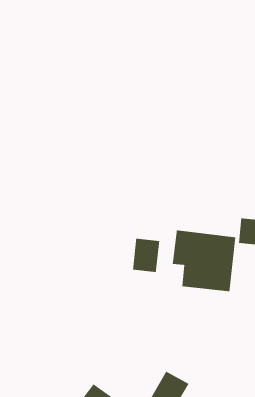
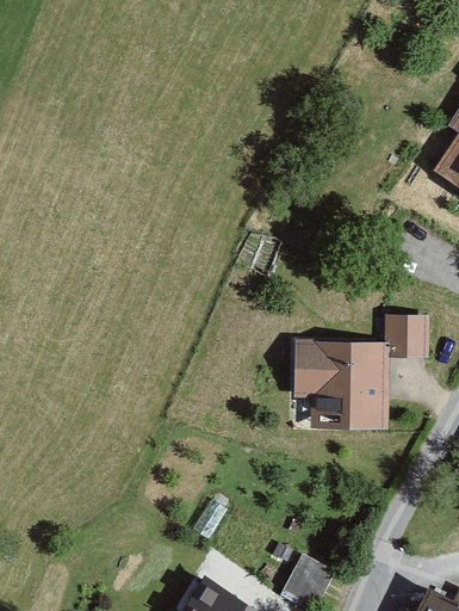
building: [132,238,160,273] -> none

